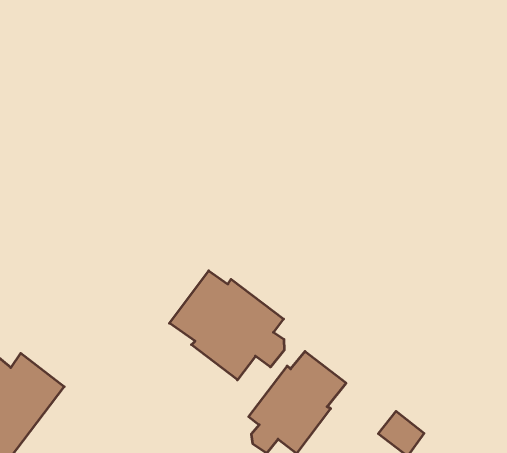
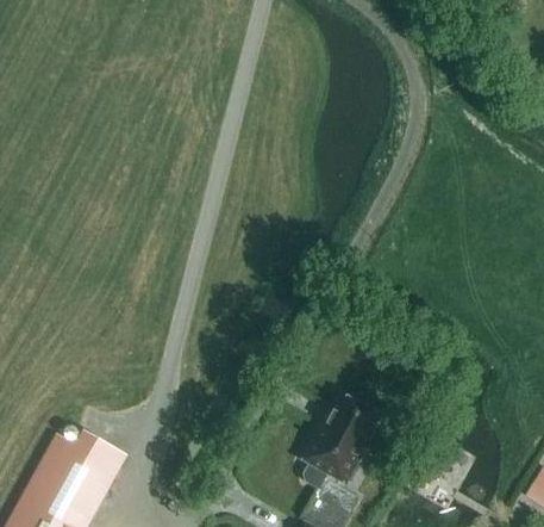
building: [169,271,284,380] -> none

